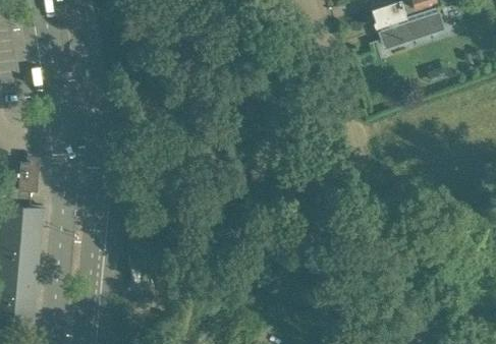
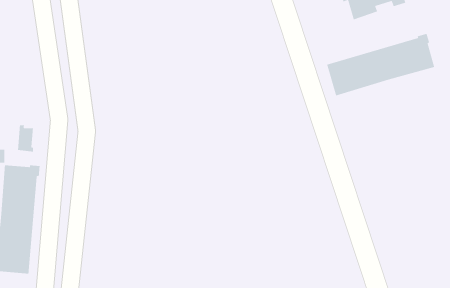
building: none -> [326,33,435,97]

